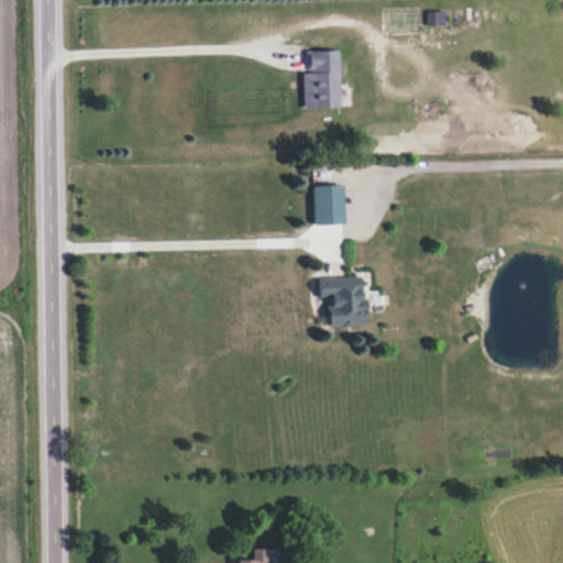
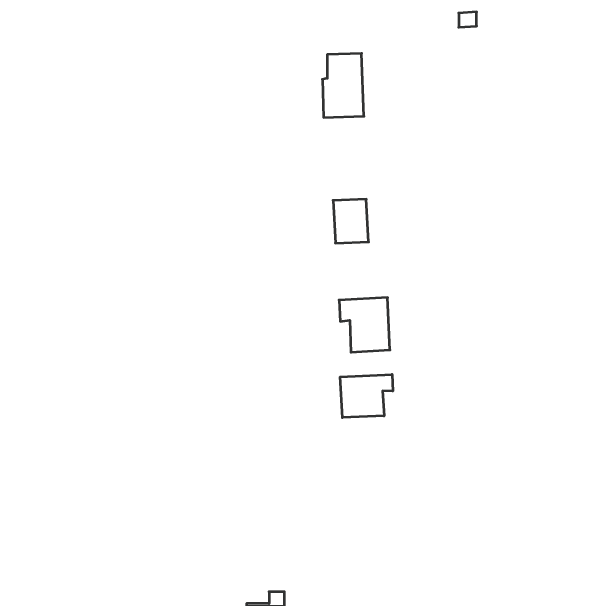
building: none -> [340,374,393,418]

